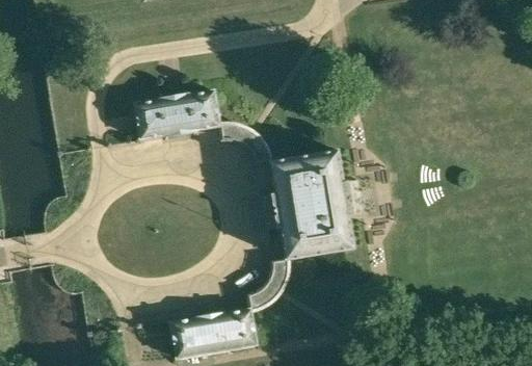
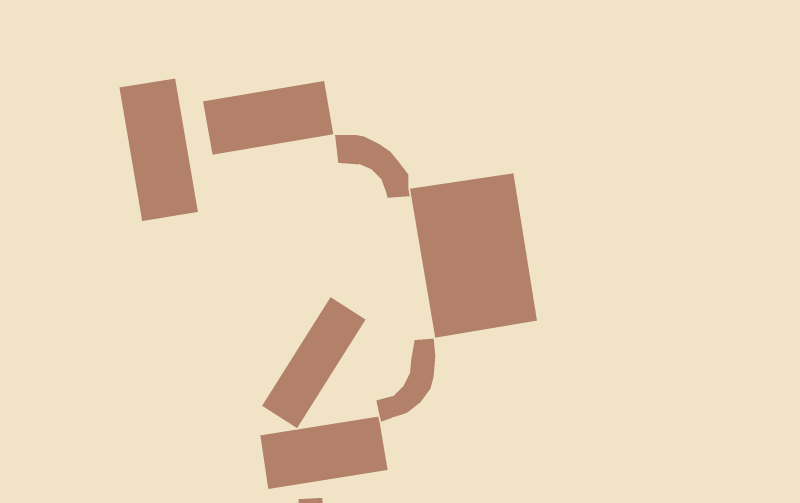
building: none -> [119,78,198,222]
building: none -> [261,296,367,429]

